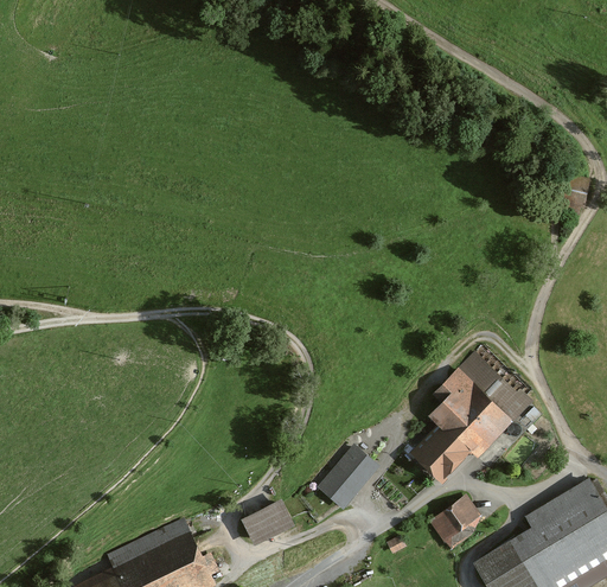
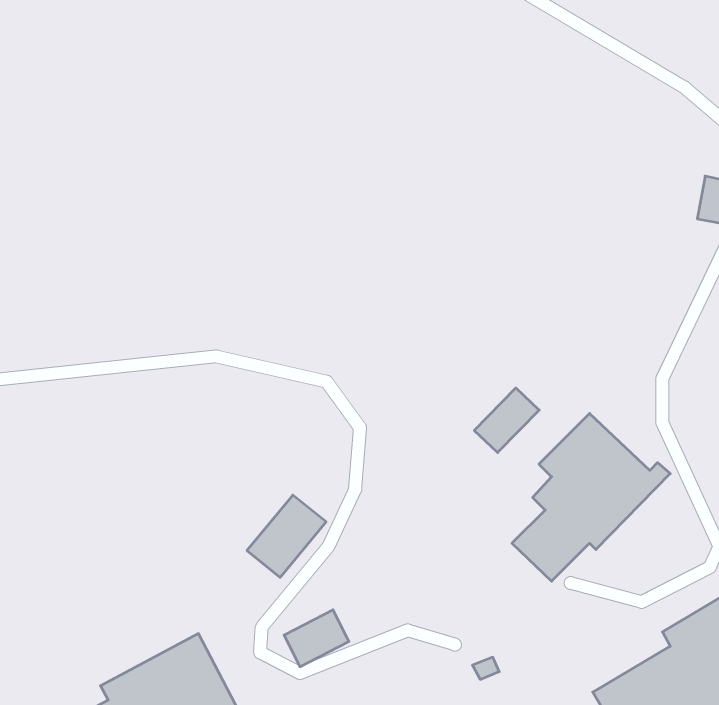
building: none -> [474,388,539,453]
building: [317,446,376,508] -> [247,495,326,577]
building: [428,498,477,549] -> none

